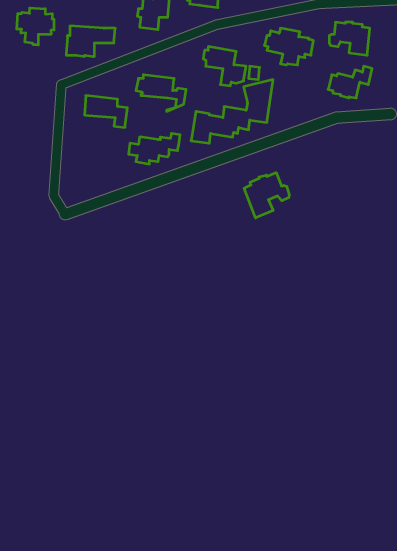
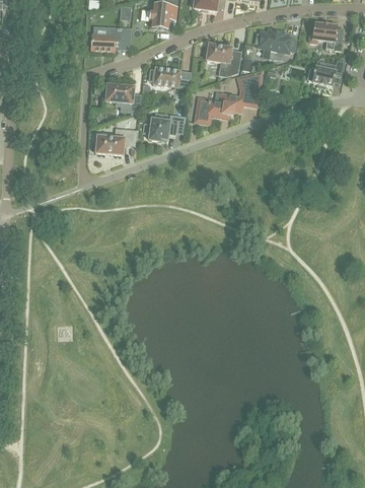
building: [17,8,54,45] -> none
building: none -> [93,128,137,153]
building: [244,173,289,218] -> none

